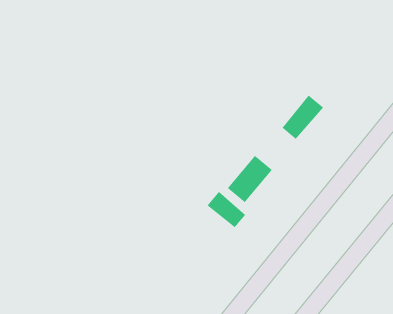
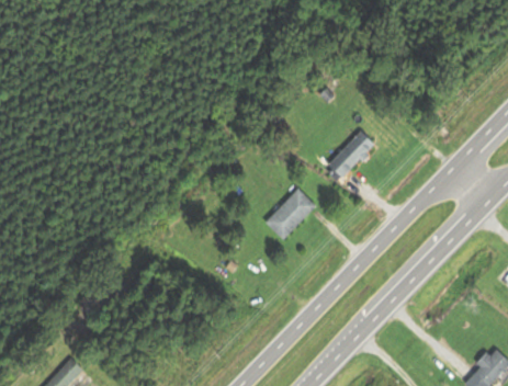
building: [207,191,246,228] -> none

